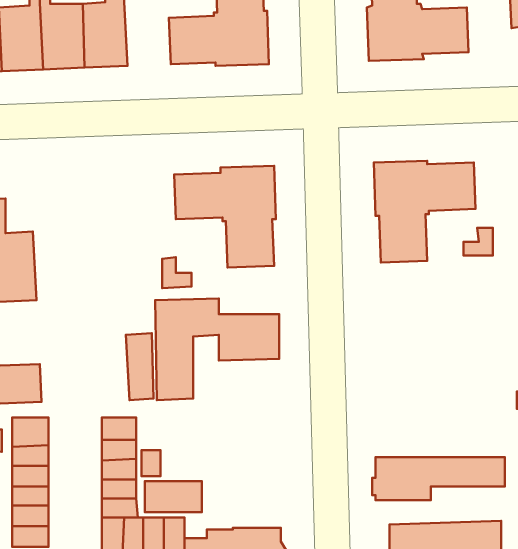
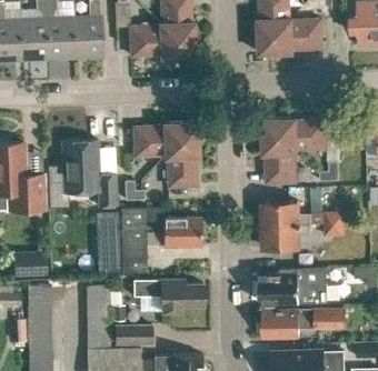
building: none -> [62,141,117,207]
building: none -> [263,203,346,249]
building: none -> [260,267,327,304]
building: none -> [132,280,203,311]

